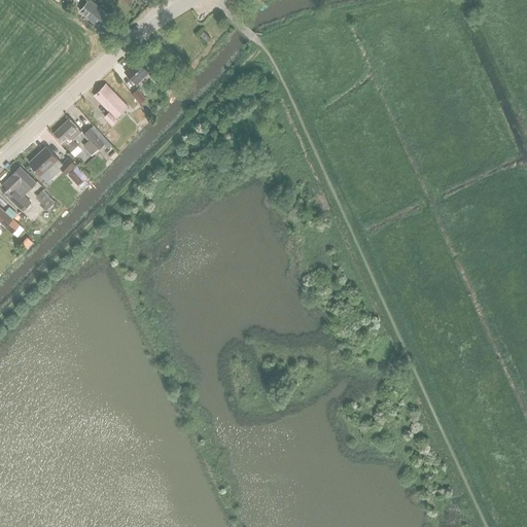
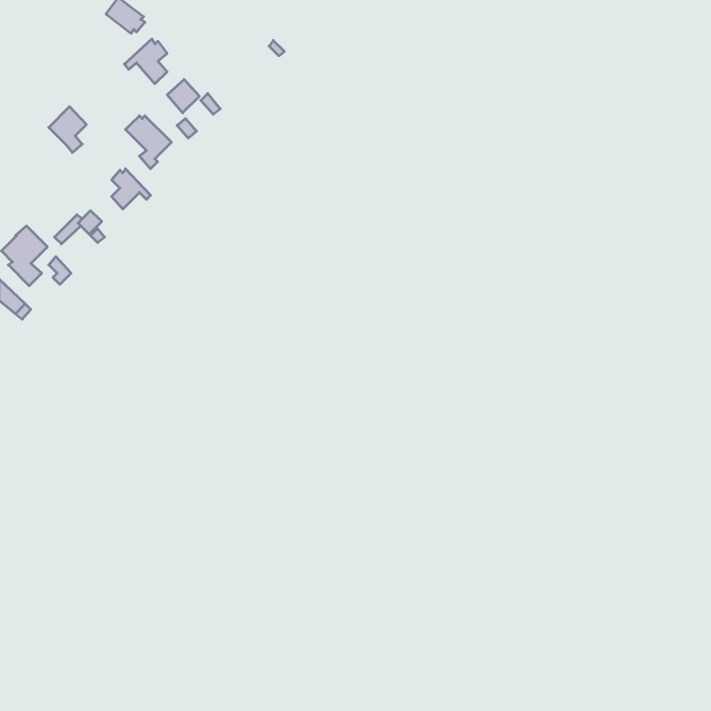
building: none -> [124,39,167,84]
building: [52,117,80,151] -> [49,107,86,153]
building: [28,146,57,175] -> none

